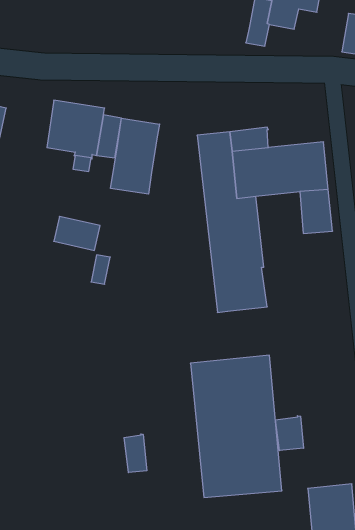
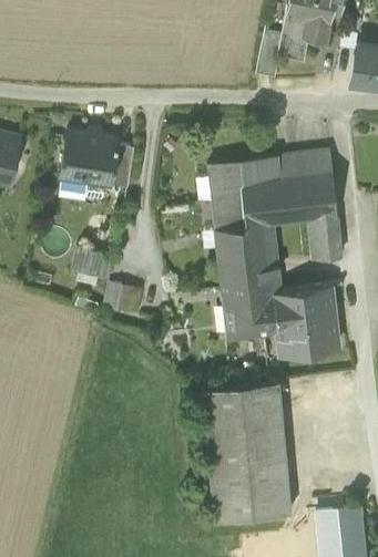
building: [111,118,160,194] -> none
building: none -> [277,153,333,177]
building: none -> [272,287,339,355]
building: [275,416,304,451] -> none
building: [124,434,147,473] -> none

